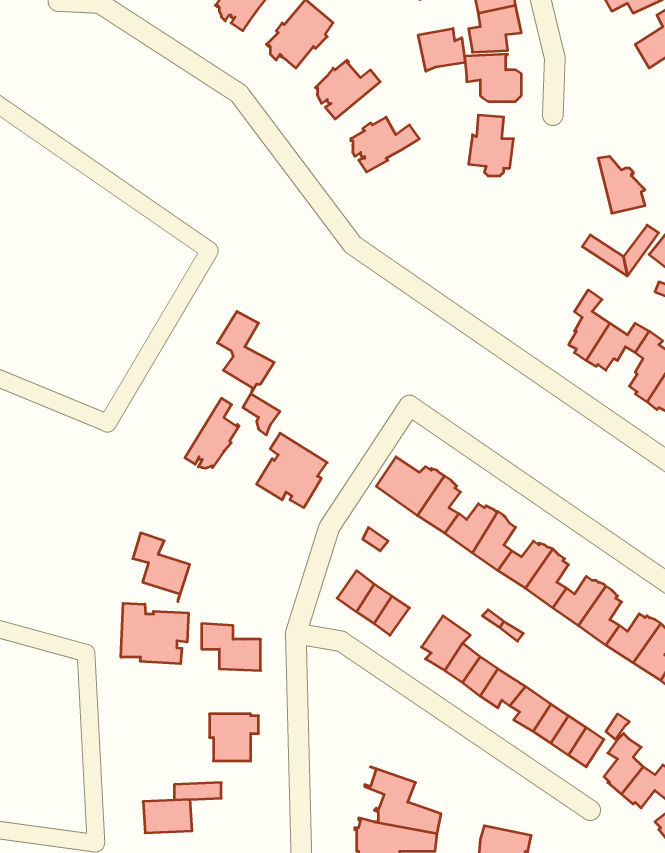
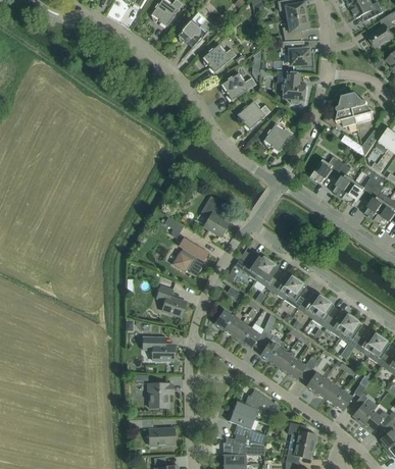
building: [418,28,465,71] -> none
building: none -> [336,94,356,125]
building: none -> [237,100,270,131]
building: none -> [262,122,292,154]
building: none -> [310,155,344,183]
building: [217,311,274,394] -> [200,195,230,238]
building: [185,398,239,468] -> none
building: [133,533,190,602] -> [156,284,186,320]
building: none -> [241,322,268,348]
building: [121,603,188,664] -> none
building: none -> [231,387,280,418]
building: none -> [287,421,315,446]
building: [143,800,192,833] -> [149,427,175,445]

